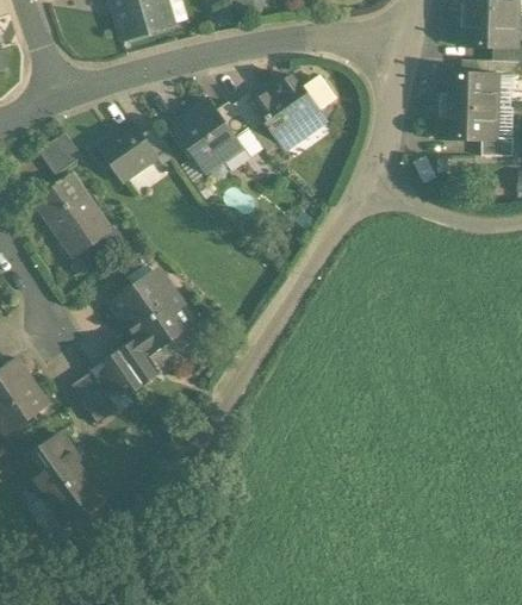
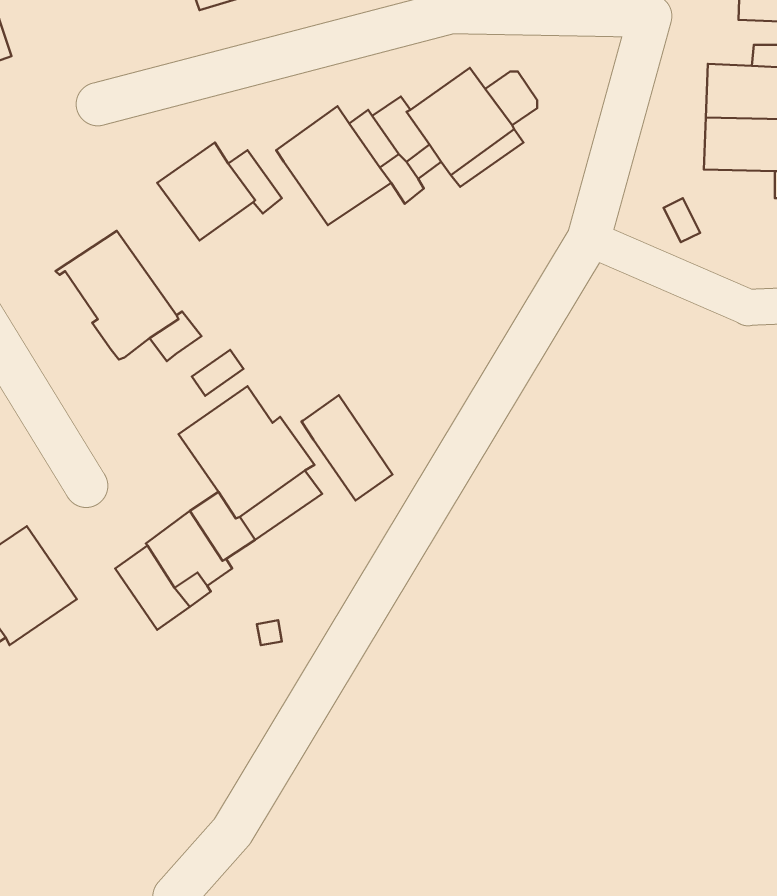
building: [41,133,83,175] -> none
building: none -> [302,395,392,501]
building: [21,434,105,525] -> none

